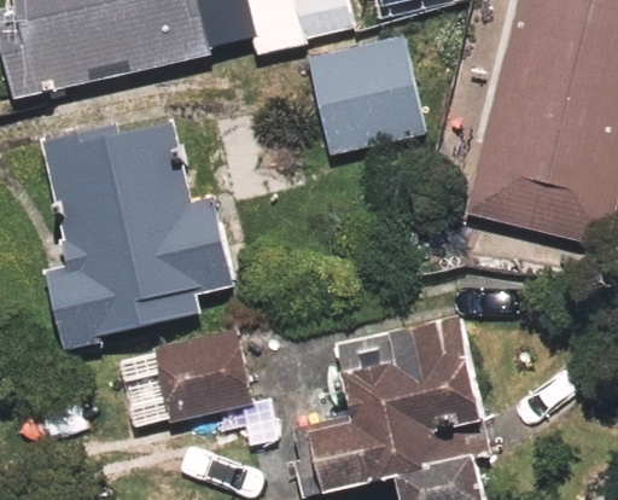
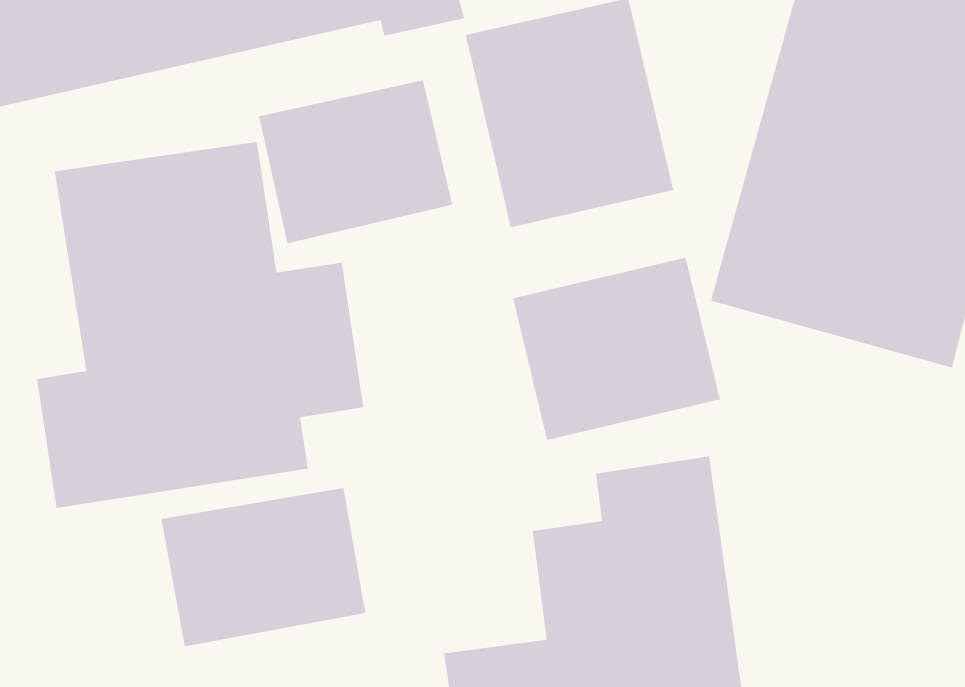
building: none -> [258,79,453,244]
building: none -> [512,257,721,441]

